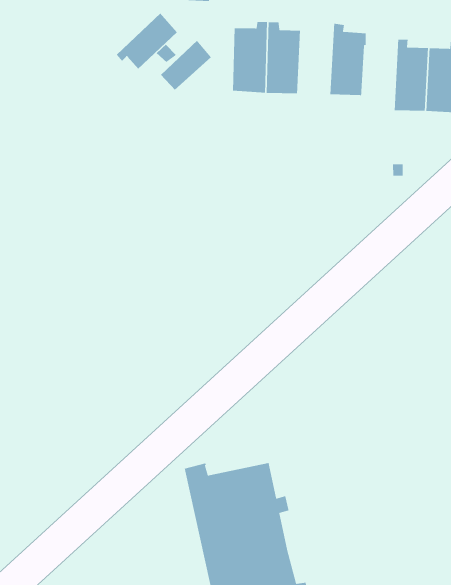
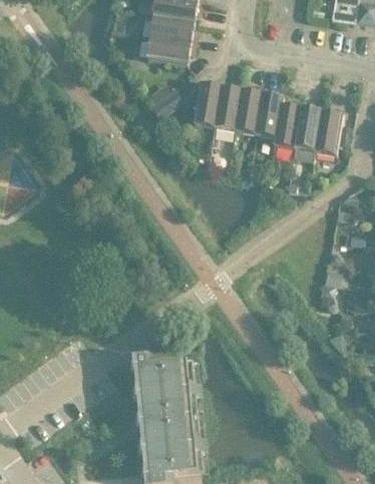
building: [116,13,178,70] -> none
building: none -> [233,86,261,132]
building: none -> [271,101,300,147]

